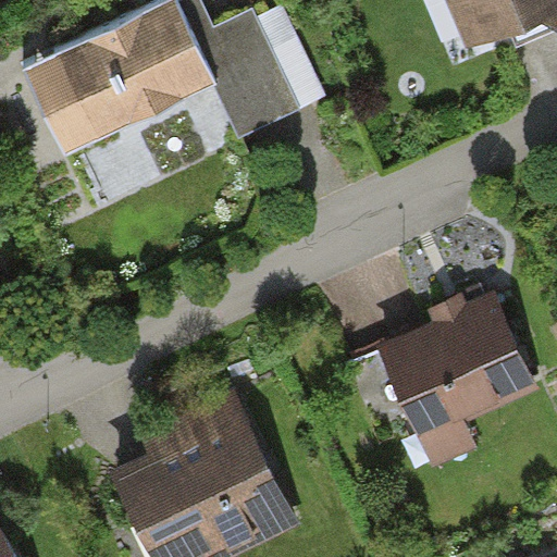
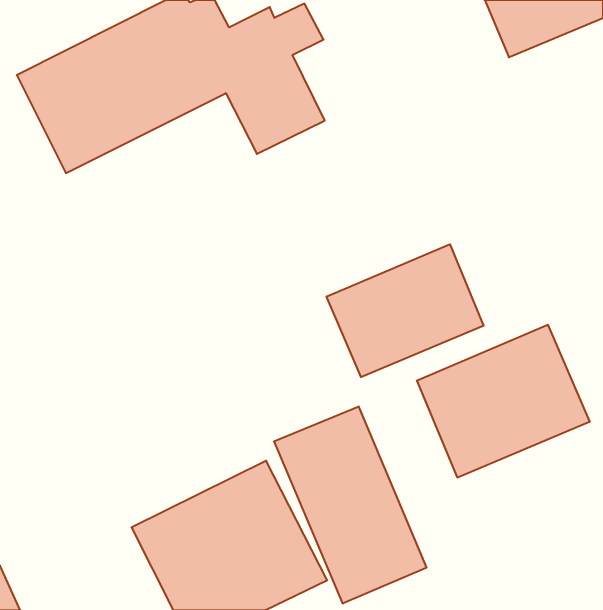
building: none -> [327,244,484,377]
building: none -> [274,406,426,604]

